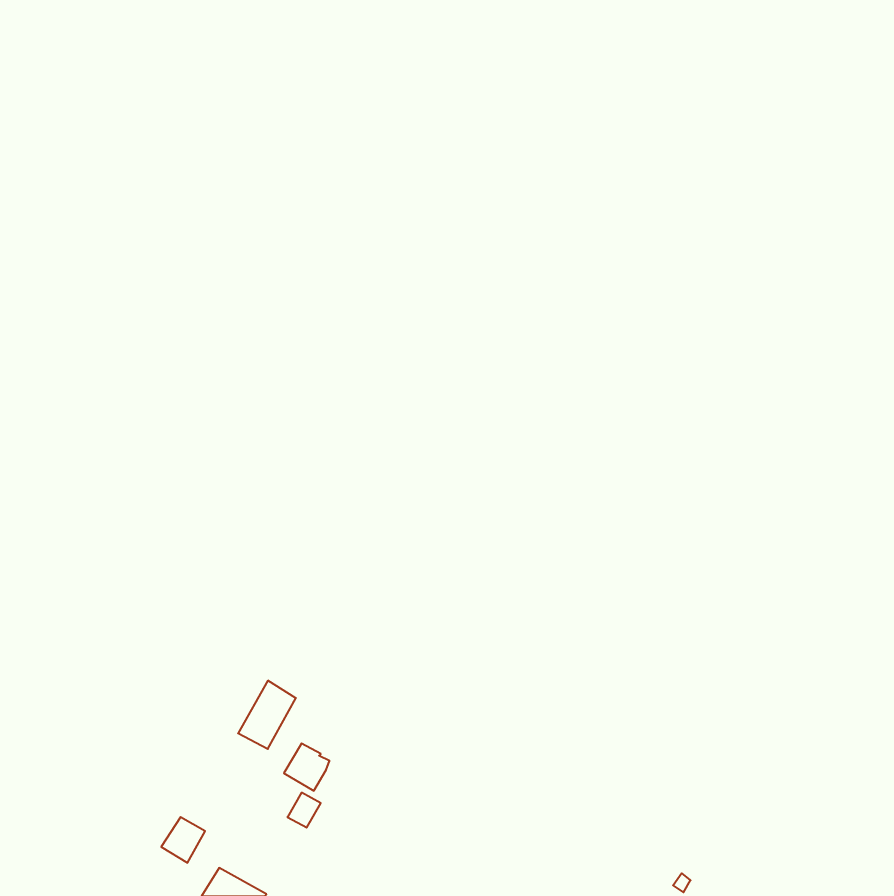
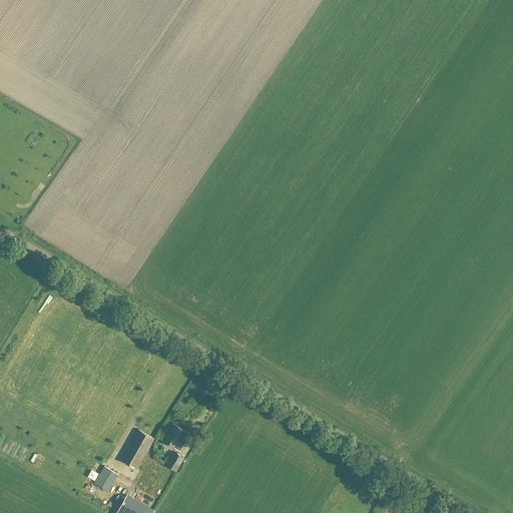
building: [238,681,296,749] -> [119,430,152,469]

